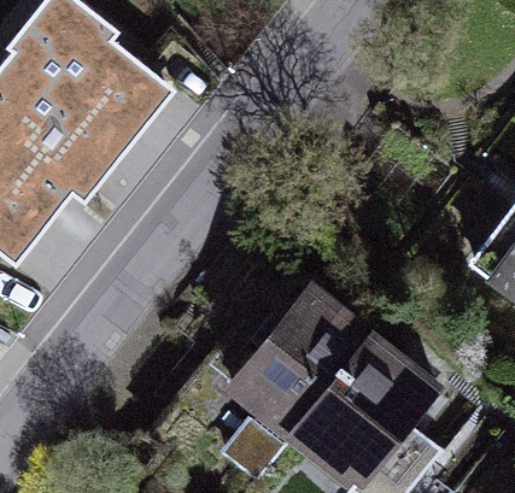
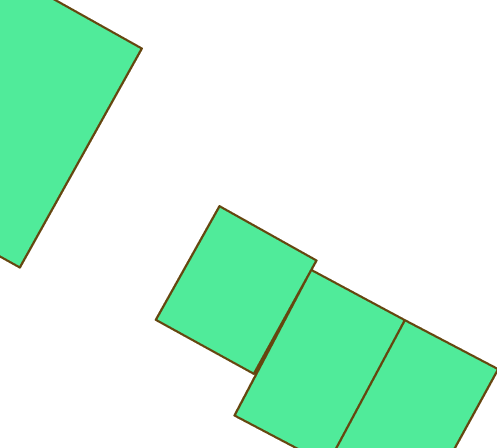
building: none -> [156,206,316,374]

